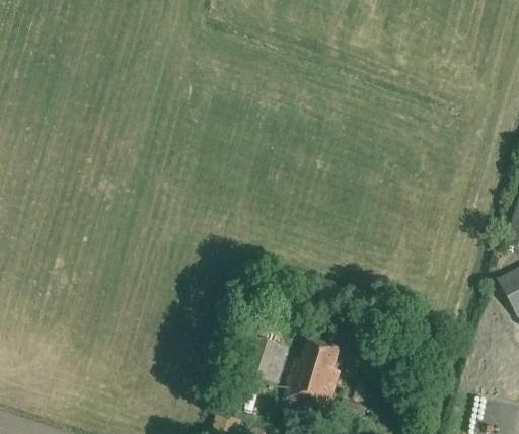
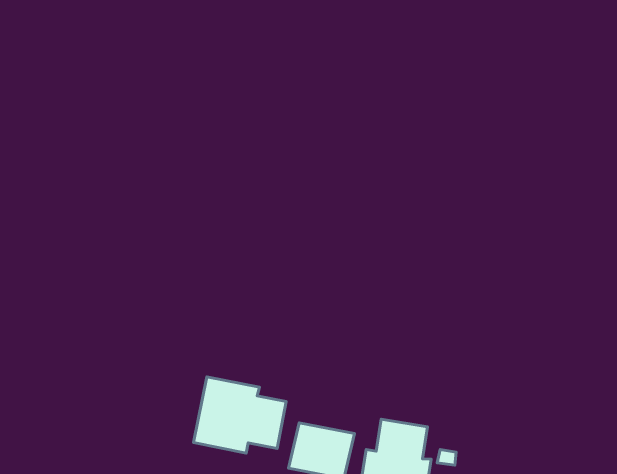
building: none -> [193,377,286,453]

